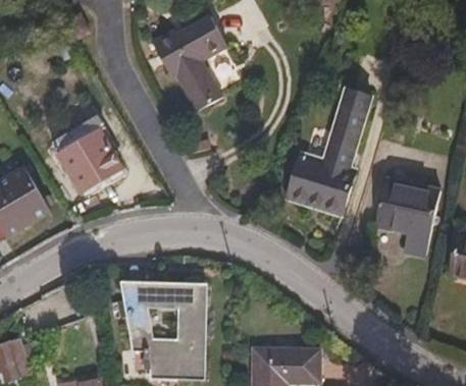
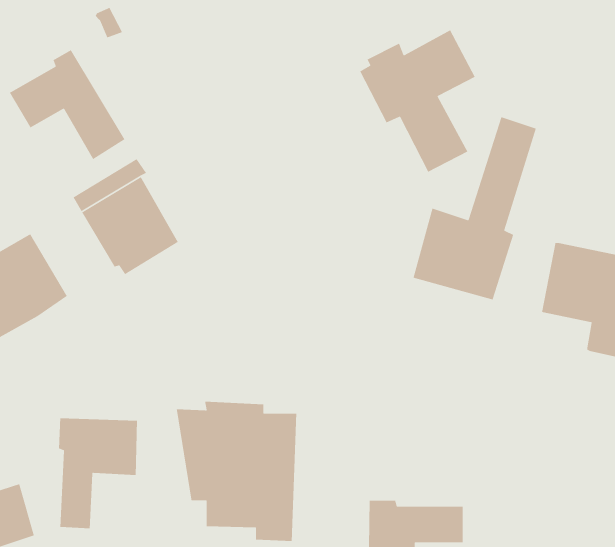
building: [149,15,228,113] -> [359,29,476,173]
building: none -> [9,49,125,160]
building: none -> [58,417,138,529]

